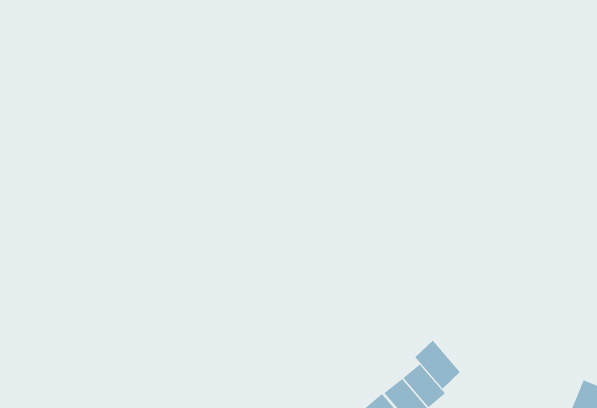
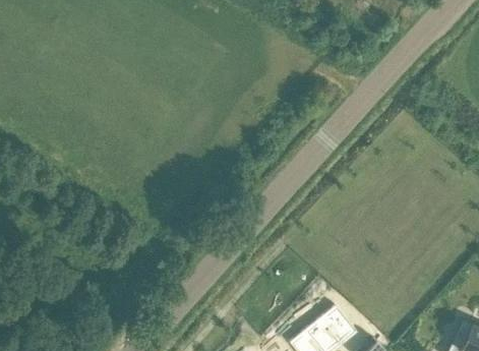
building: [415,340,461,389] -> none

